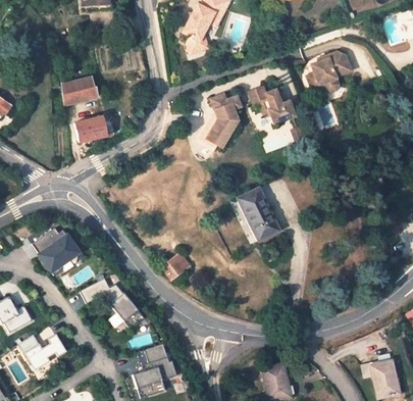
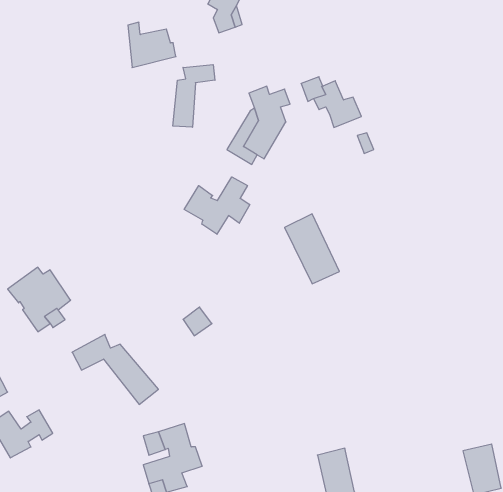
building: [305,52,349,92] -> none
building: [61,71,97,105] -> [128,22,176,68]
building: none -> [173,65,215,127]
building: [74,116,105,141] -> none
building: none -> [184,177,250,234]

